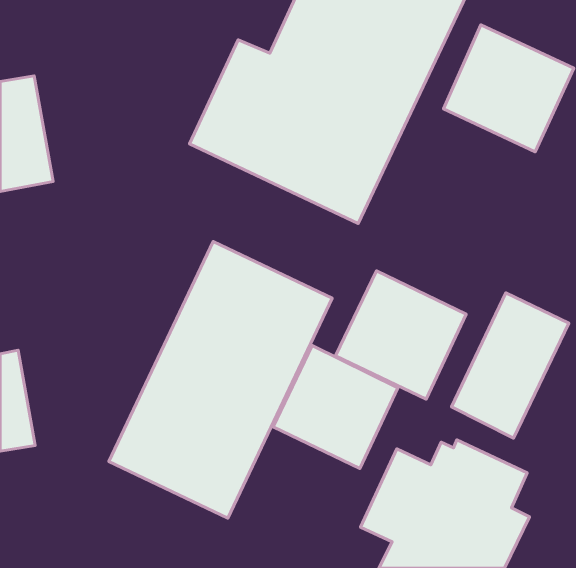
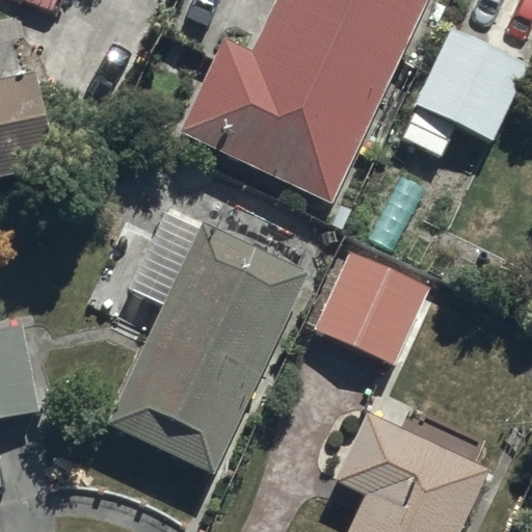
building: [452,293,569,438] -> none
building: [273,345,398,469] -> none

